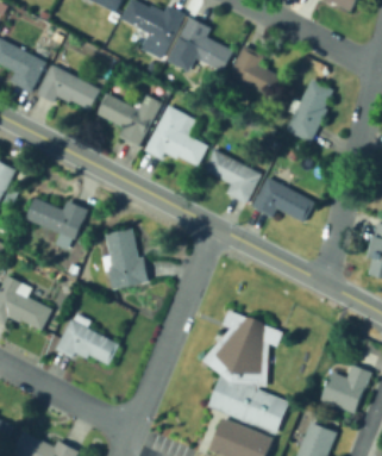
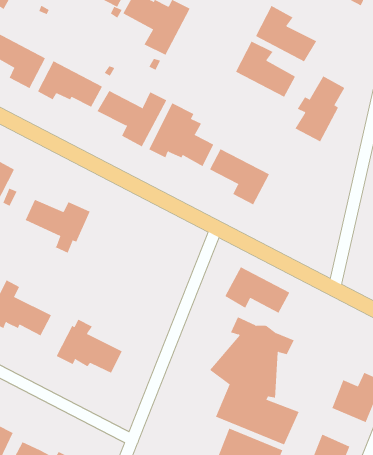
building: [174,17,233,71] -> [255,5,317,62]
building: [251,177,314,223] -> [224,266,290,313]
building: [101,229,148,289] -> none

